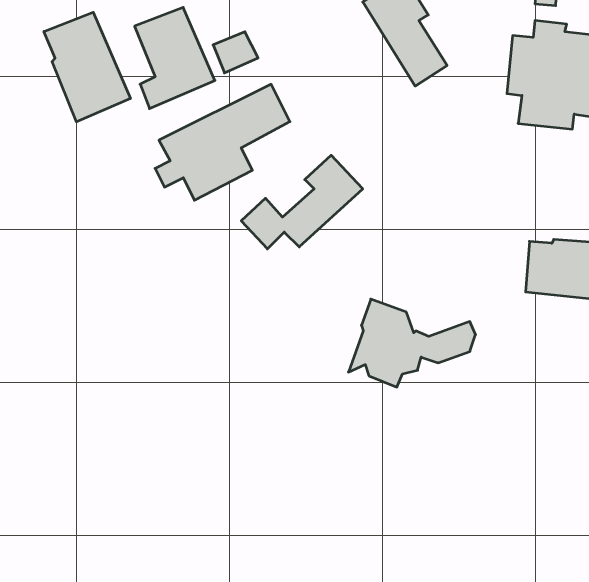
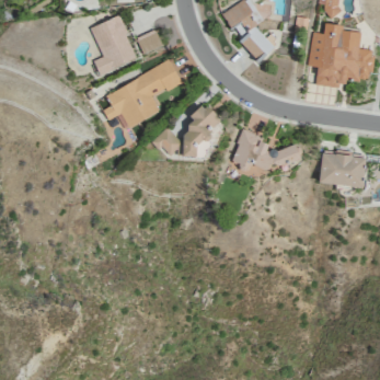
building: [44,12,130,122] -> none
building: [348,299,476,387] -> [229,128,303,180]

